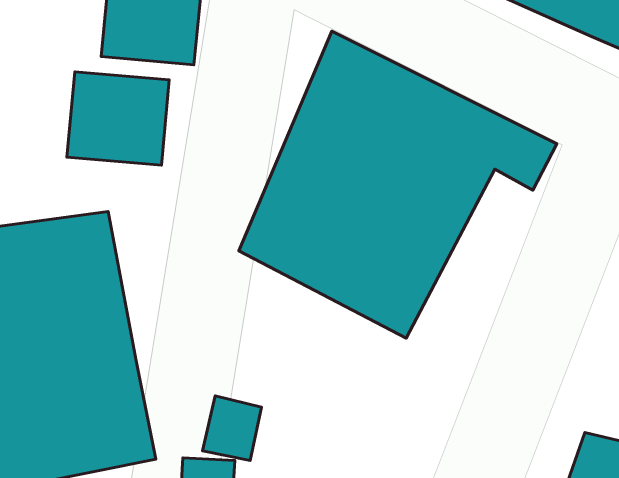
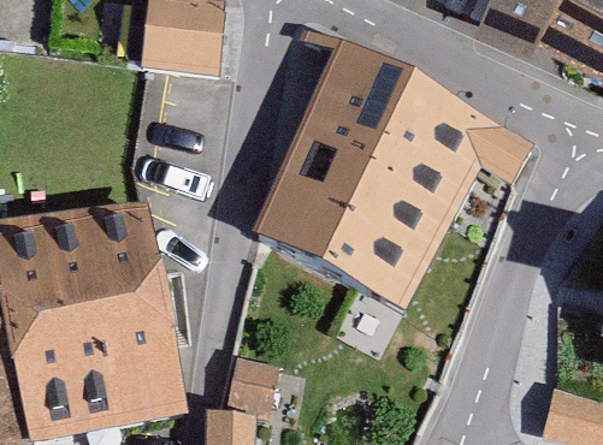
building: [67,72,169,165] -> none

